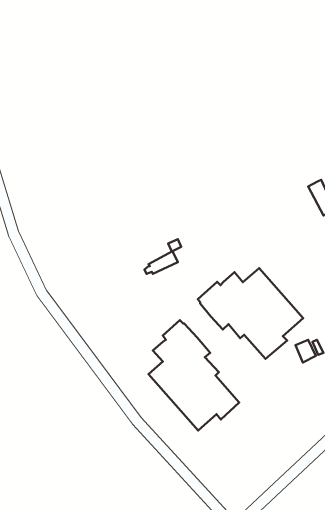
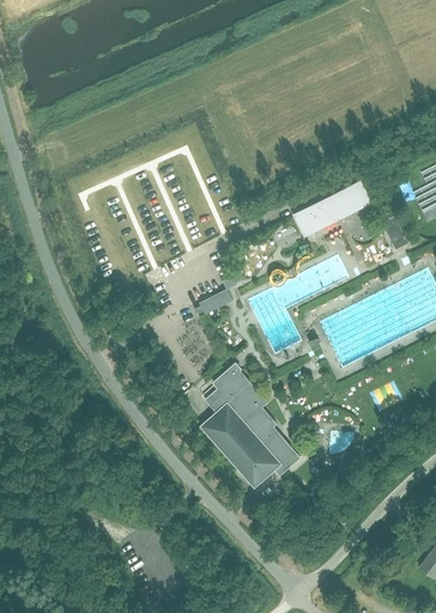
building: none -> [292,180,371,237]
building: [198,268,303,359] -> none

